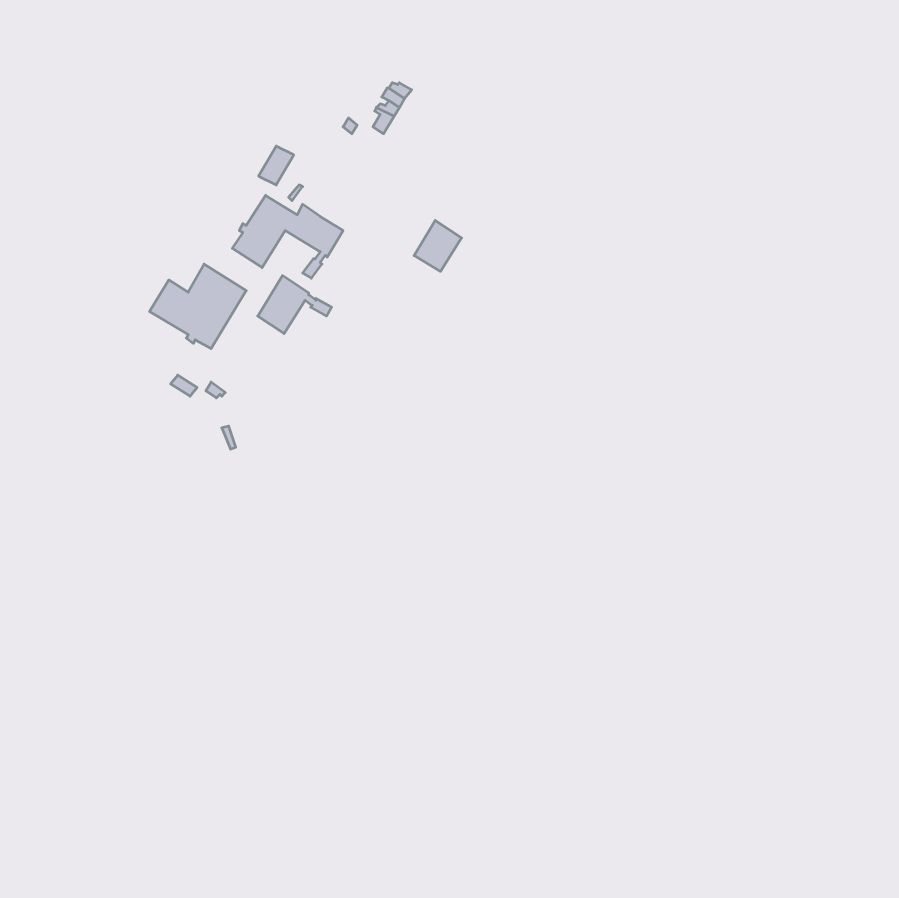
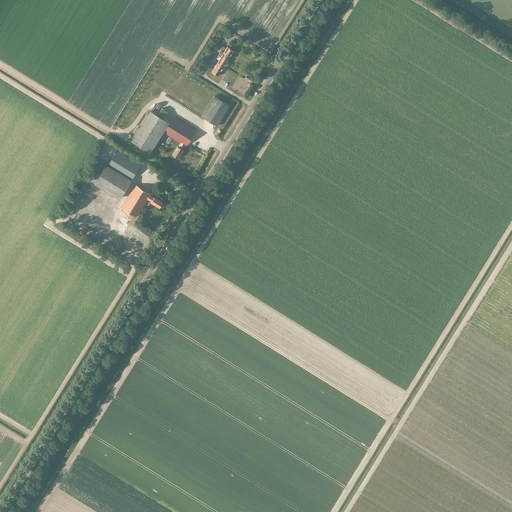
building: [414,220,462,271] -> [202,97,229,126]
building: [258,276,332,334] -> [121,185,163,218]

